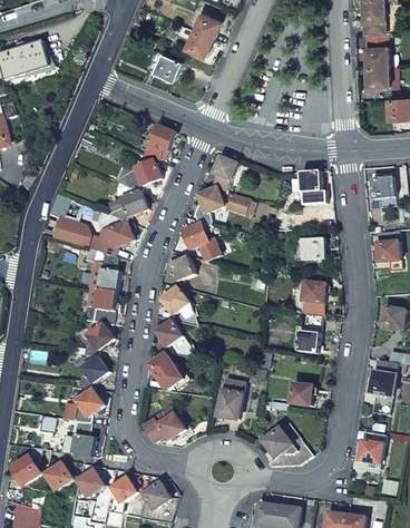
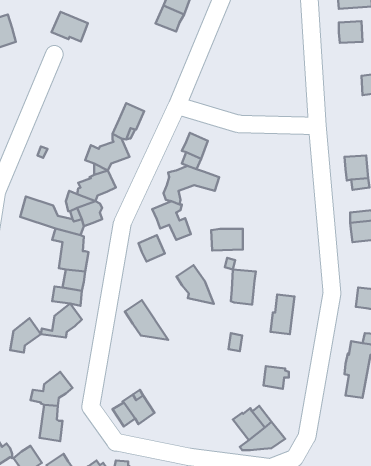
building: [145,50,180,79] -> [51,12,88,41]
building: [365,66,389,87] -> none
building: [300,170,324,198] -> none
building: [292,238,323,260] -> [211,229,243,251]
building: [301,281,325,315] -> [231,269,256,305]
building: [160,286,197,324] -> [176,265,214,304]
building: [149,352,183,389] -> none
building: [78,355,108,389] -> [10,318,41,352]
building: [218,378,244,418] -> none
building: [358,431,384,463] -> none

